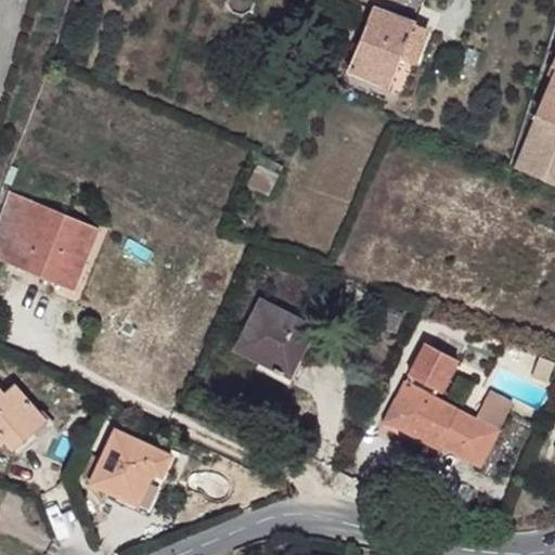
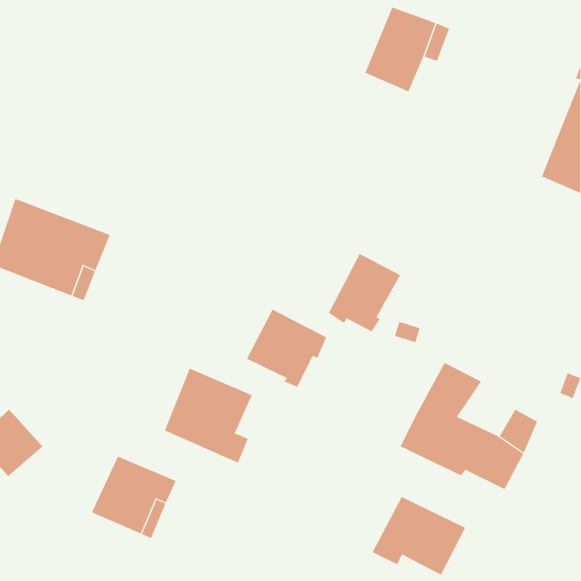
building: none -> [328,253,401,332]
building: none -> [164,368,252,464]
building: none -> [372,496,466,576]

